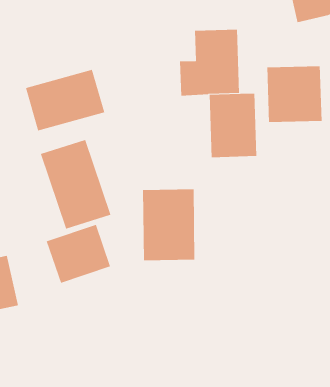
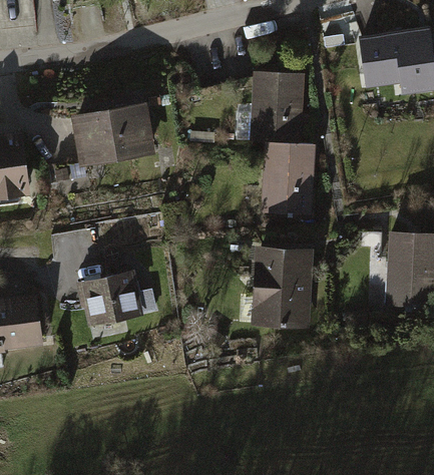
building: [267,65,322,123] -> none
building: [40,139,111,230] -> none
building: [142,189,195,261] -> [252,248,313,327]

